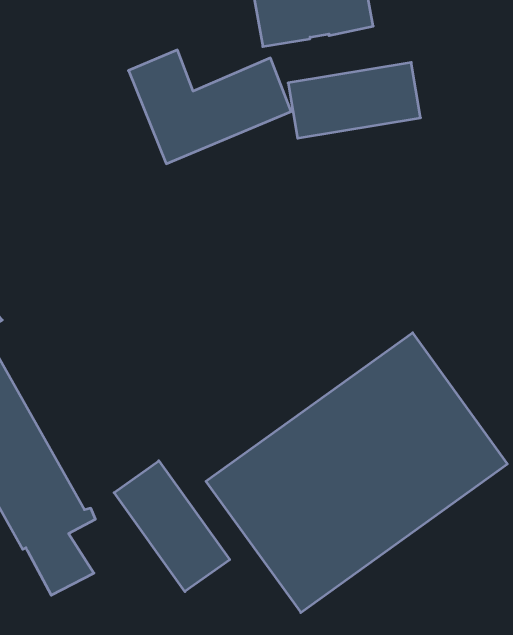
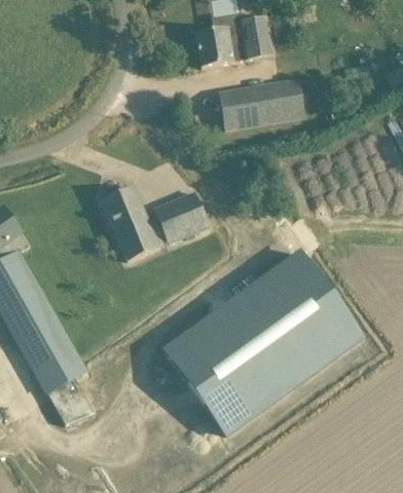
building: [128,50,291,164] -> [102,186,208,260]
building: [114,461,230,592] -> none

